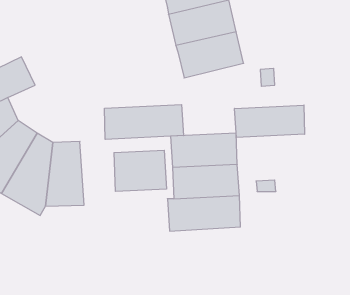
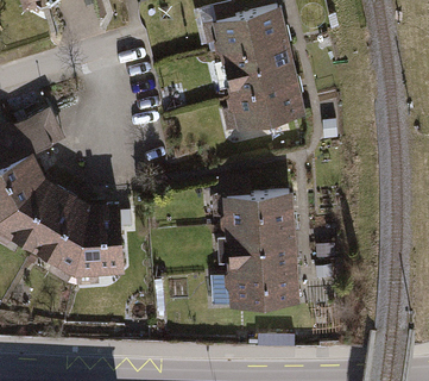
building: [105,105,183,139] -> none
building: [235,105,305,137] -> none
building: [114,150,166,191] -> none

